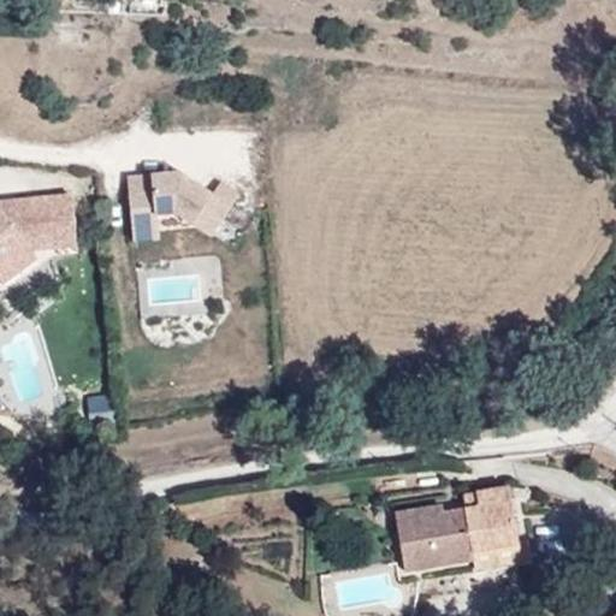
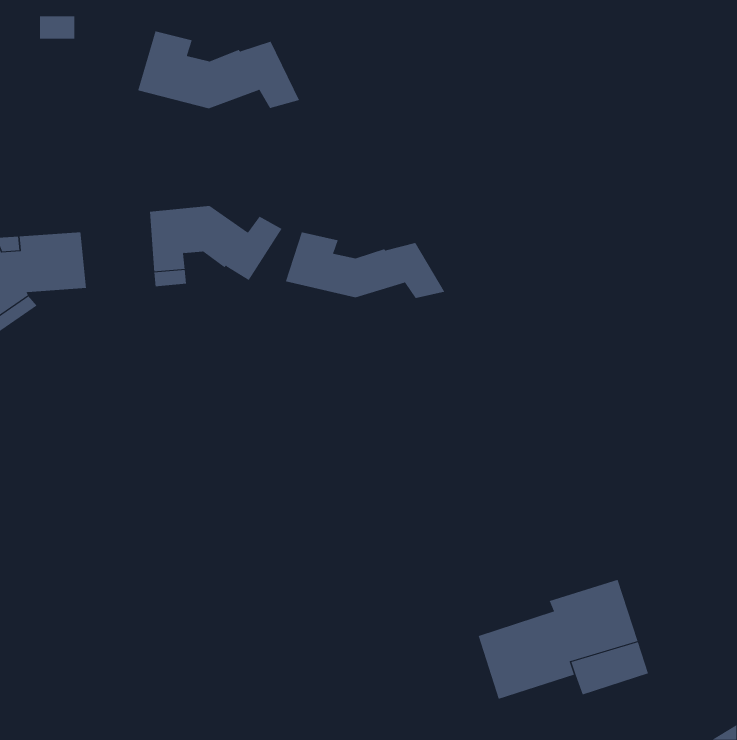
building: none -> [138,30,300,109]
building: none -> [285,232,445,299]

